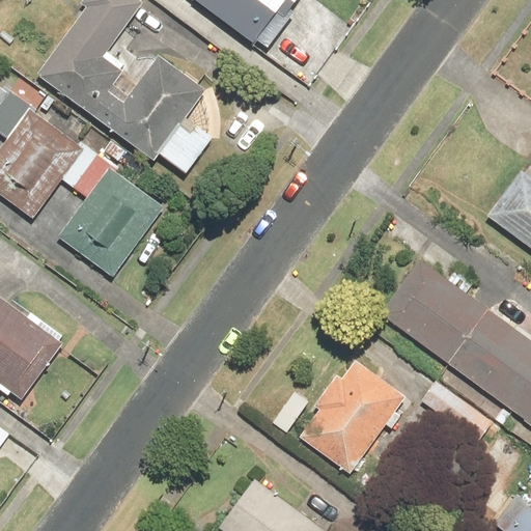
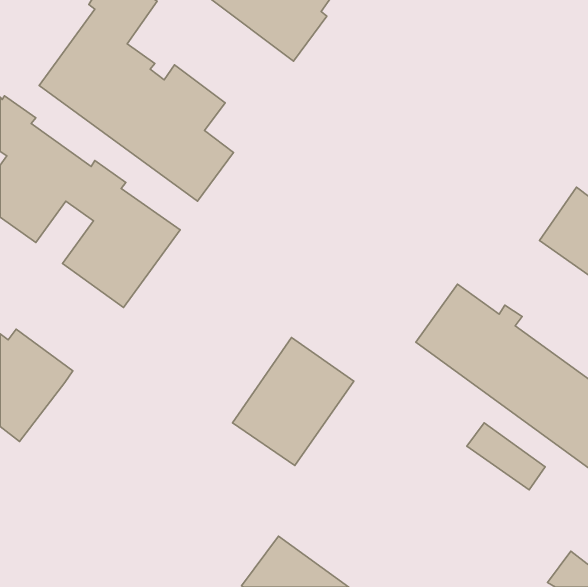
building: [295,357,403,472] -> [232,337,354,466]

